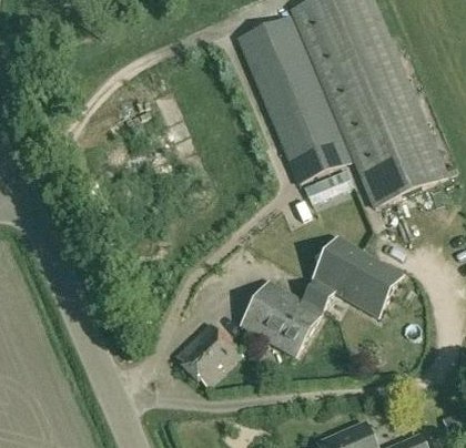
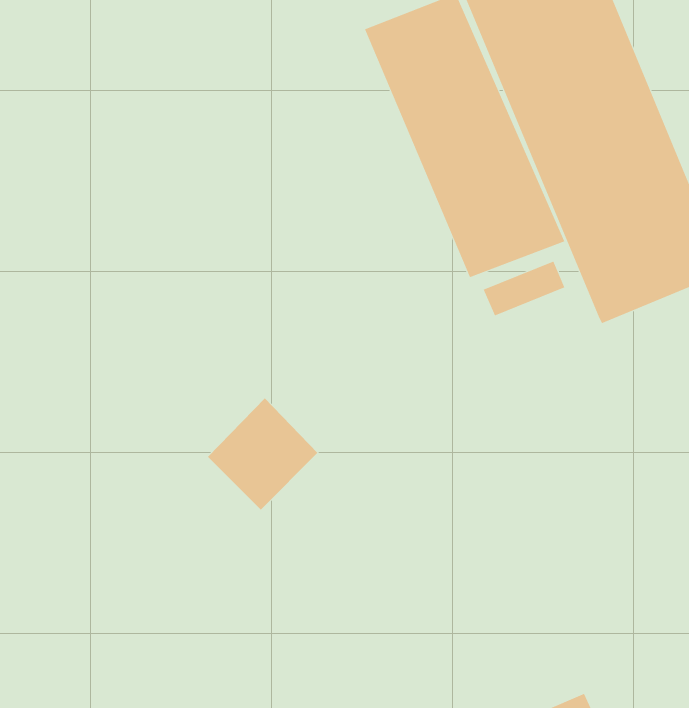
building: [241,235,402,355] -> none
building: [176,320,241,386] -> [207,397,318,510]

